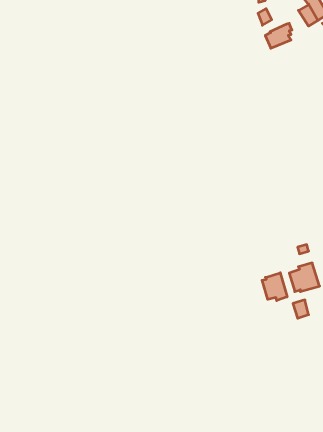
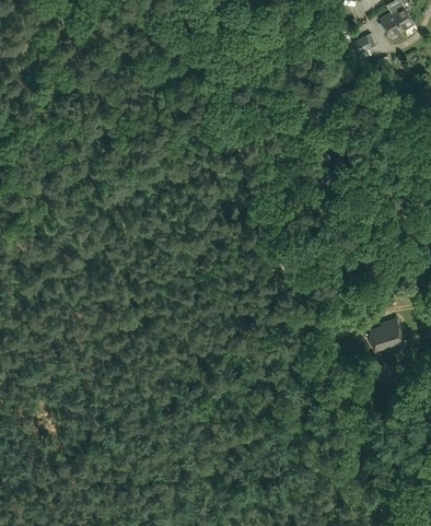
building: [262,273,287,301] -> none

